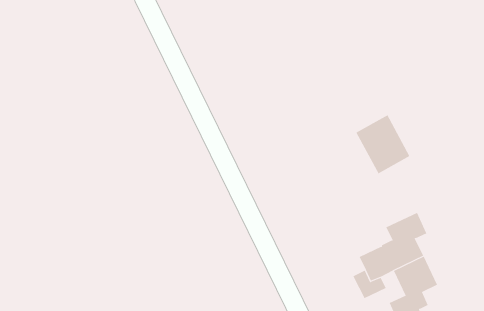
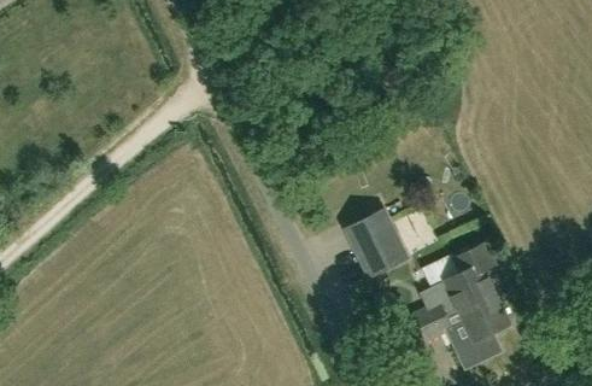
building: [356,114,410,174] -> [345,210,406,277]

